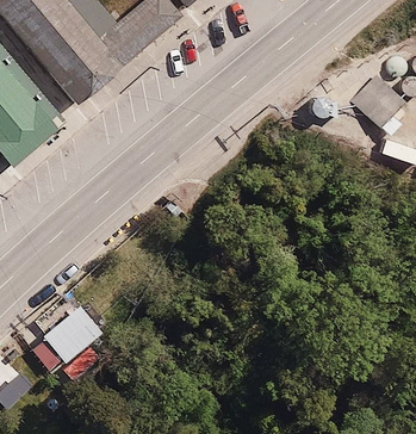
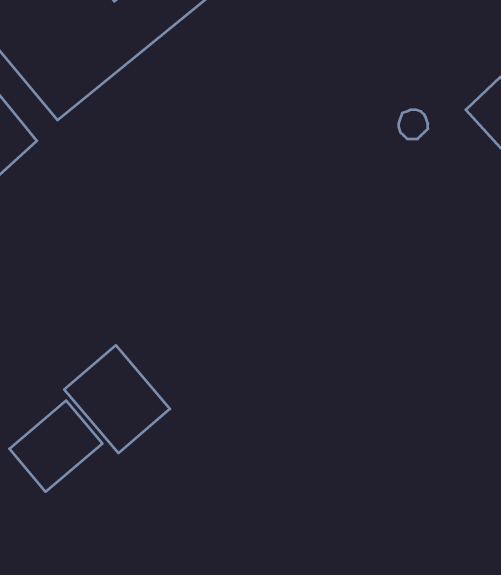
building: none -> [64,345,170,453]

